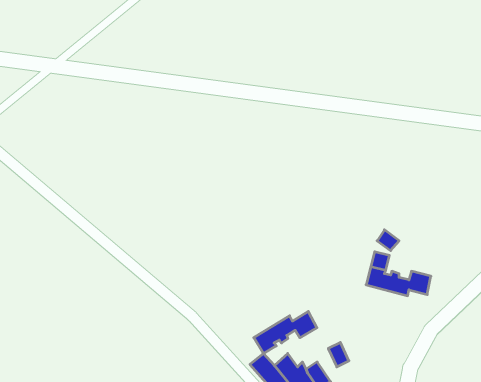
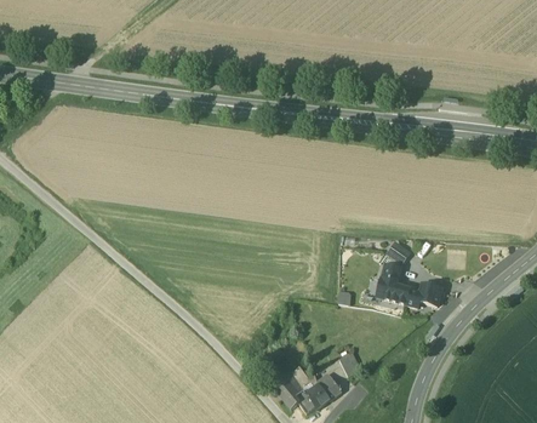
building: [254,311,317,354] -> none

